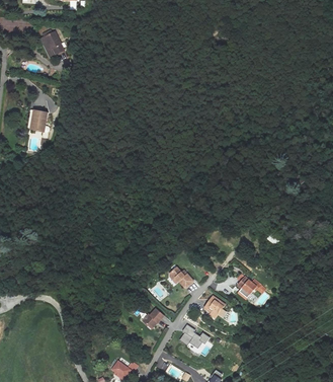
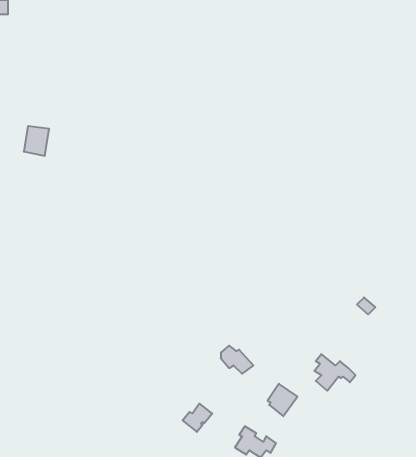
building: [39,29,65,58] -> none

